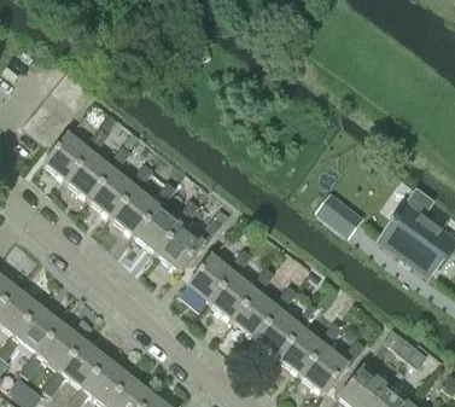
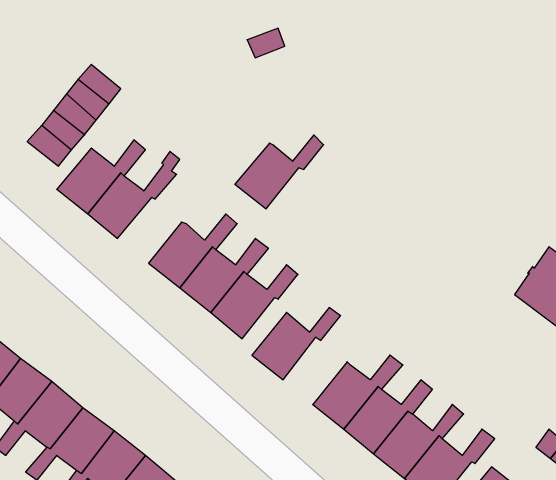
building: [88,162,153,216] -> [235,135,324,209]
building: [316,194,361,236] -> none
building: [210,266,275,320] -> none

